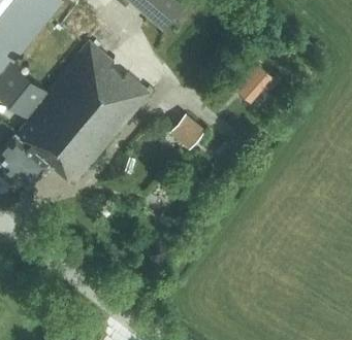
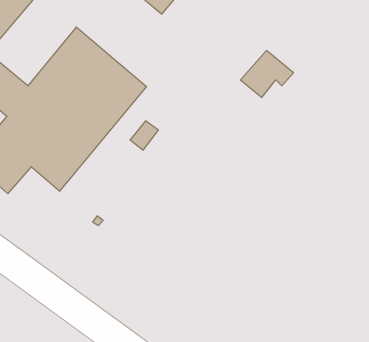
building: [169,114,204,150] -> none

